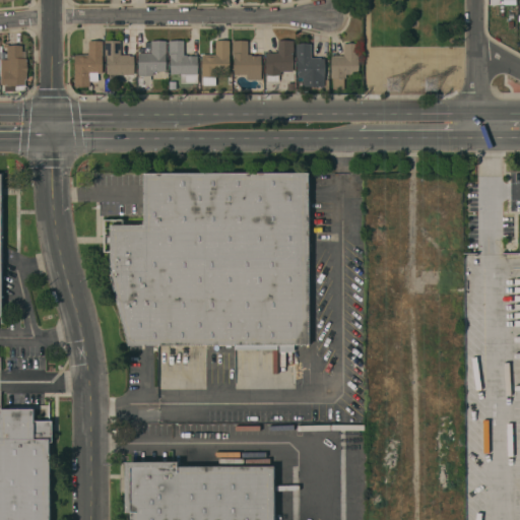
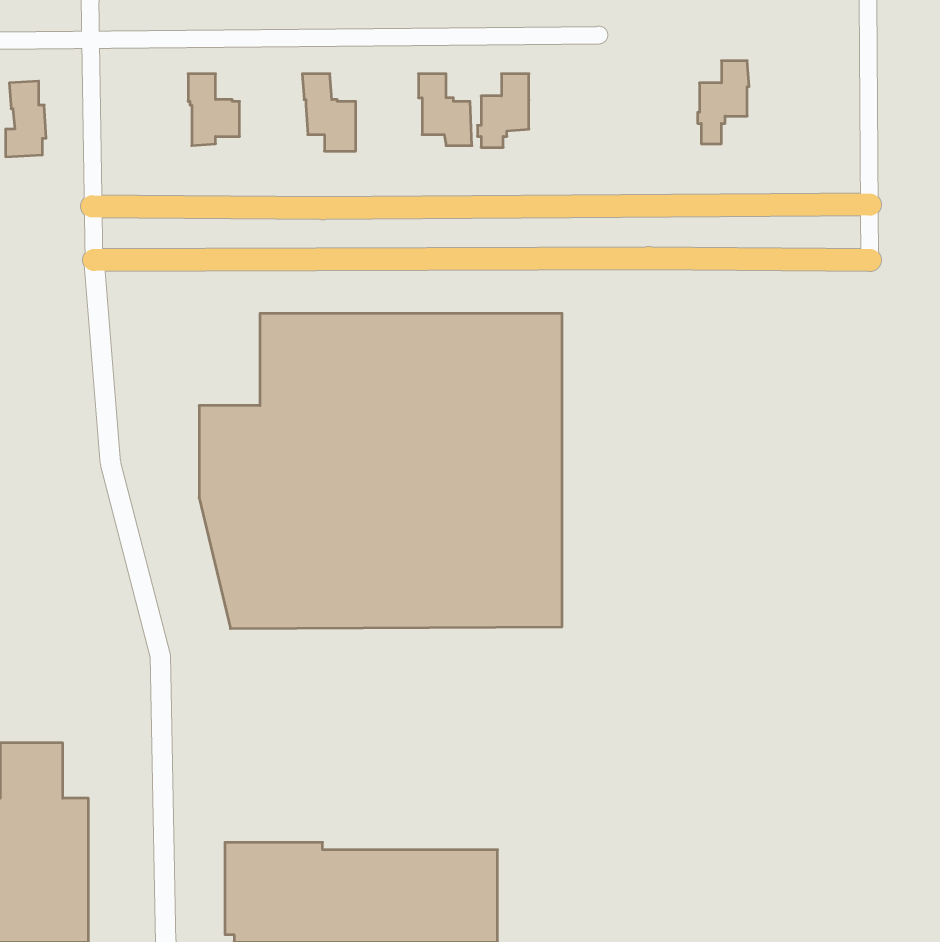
building: [136,41,165,75] -> none
building: [200,41,229,85] -> none
building: [73,42,102,86] -> none
building: [295,44,323,87] -> none
building: [329,44,358,89] -> [698,61,749,144]

